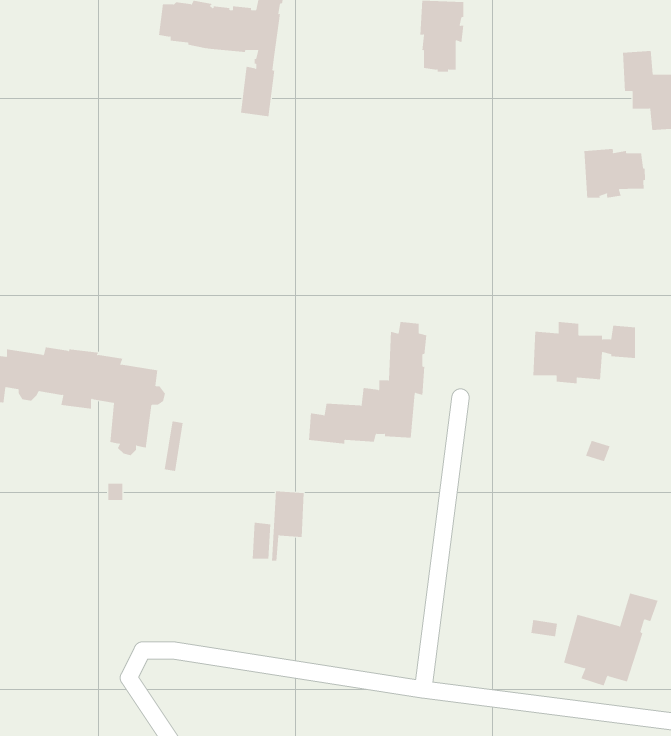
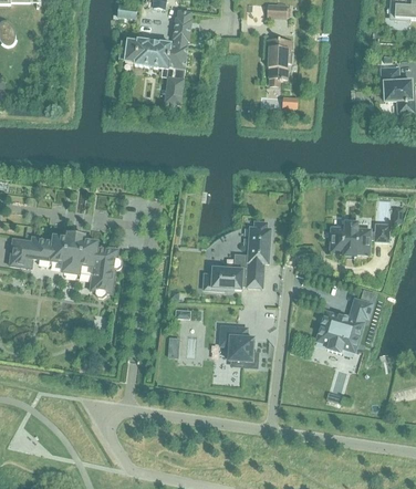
building: [584,148,646,199] -> none
building: none -> [219,325,258,366]
building: [563,593,659,686] -> [316,299,371,352]

